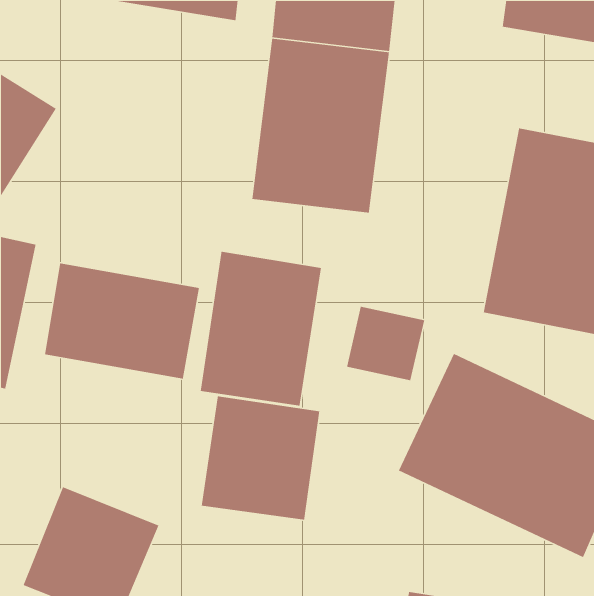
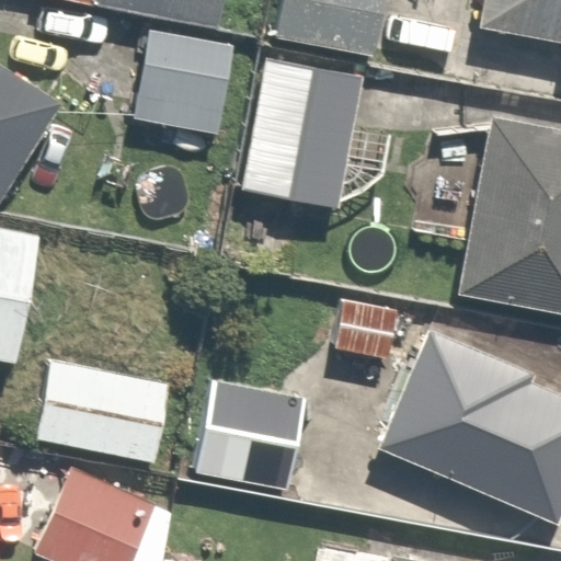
building: none -> [126,21,238,135]
building: [200,251,322,406] -> none
building: [44,263,200,379] -> [33,356,178,465]

